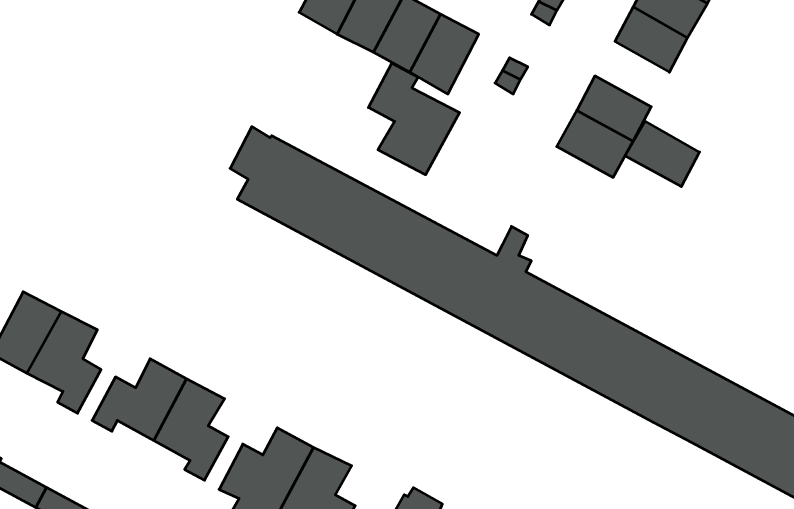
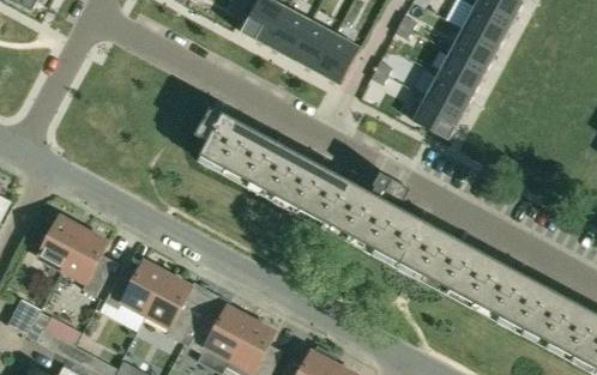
building: [368,63,460,175] -> none
building: [625,121,700,187] -> [436,50,486,93]

